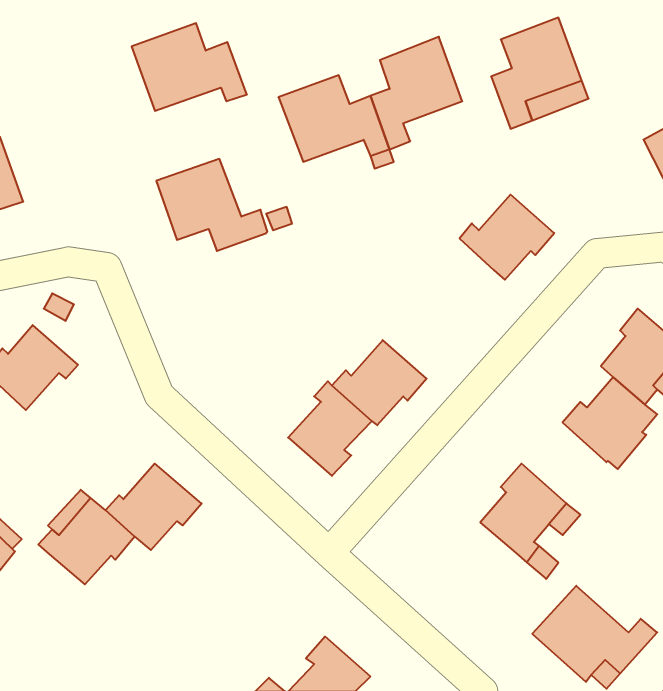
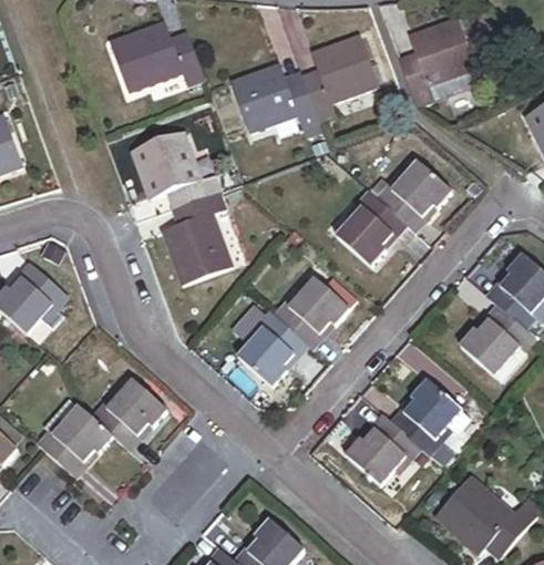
building: none -> [336,188,403,267]
building: none -> [161,191,233,285]
building: none -> [343,418,421,484]

